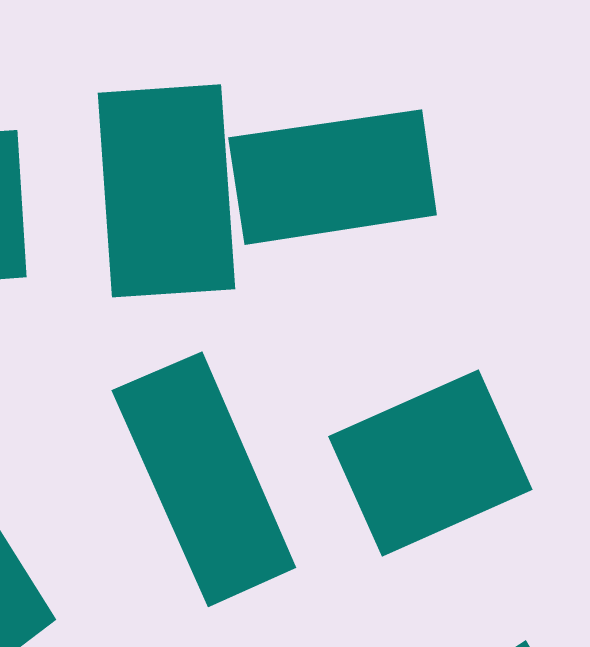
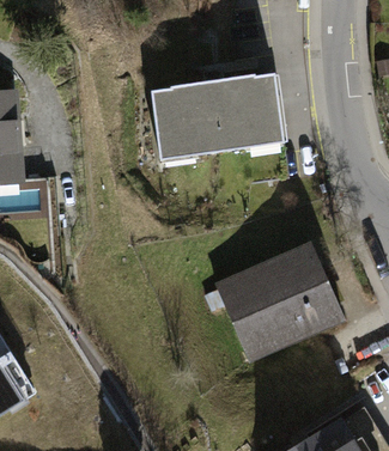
building: [97,84,236,298] -> none
building: [110,350,298,609] -> none

